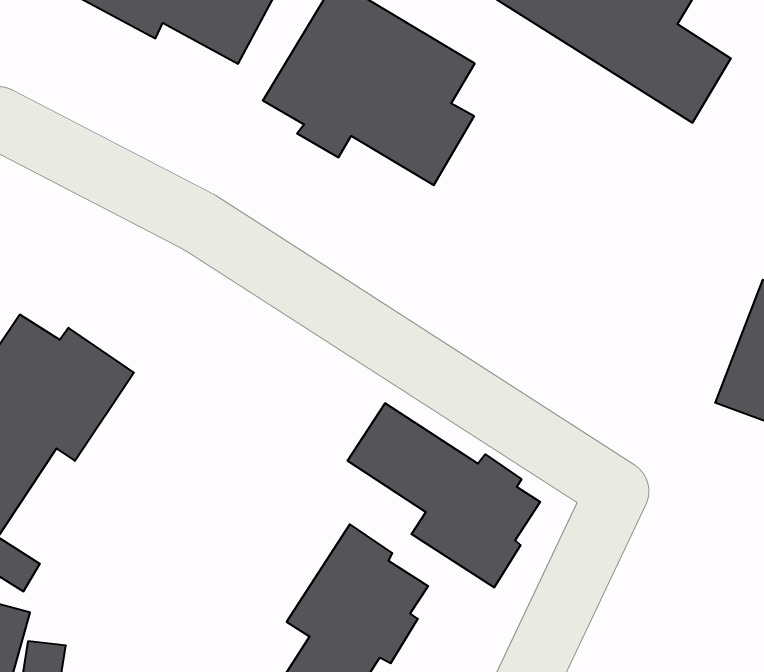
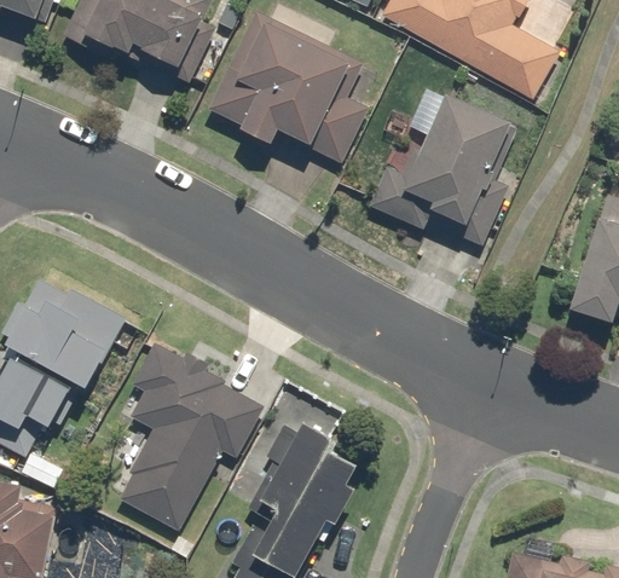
building: none -> [391,88,517,245]
building: none -> [114,340,266,528]
building: [348,403,540,588] -> none

